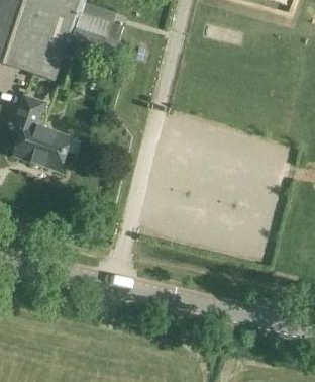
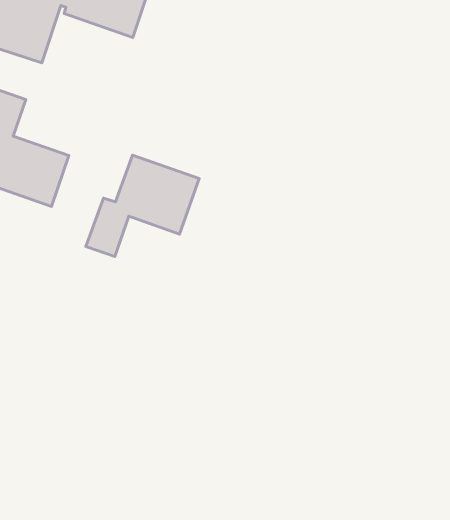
building: none -> [86,155,199,256]

